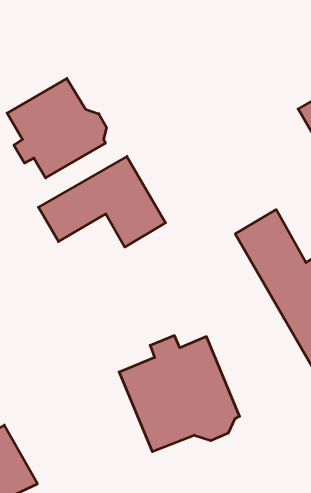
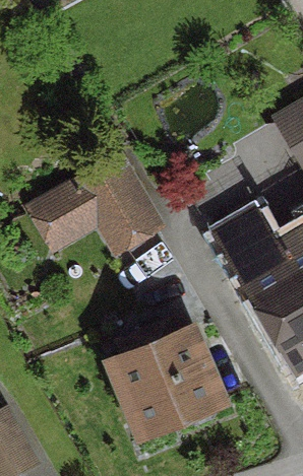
building: [7,78,106,178] -> none

